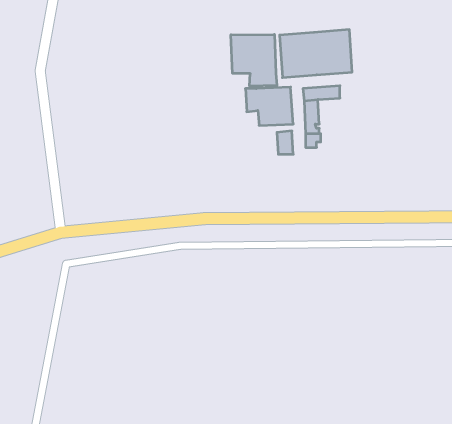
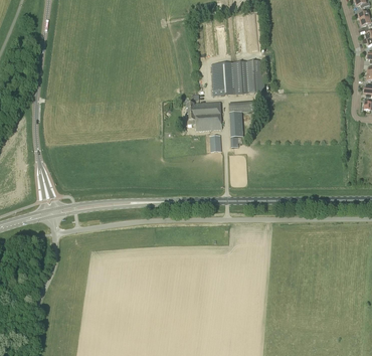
building: [231,34,277,86] -> none

